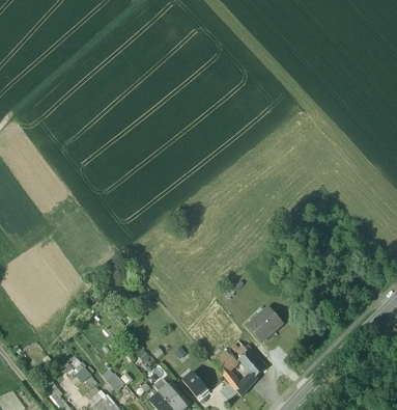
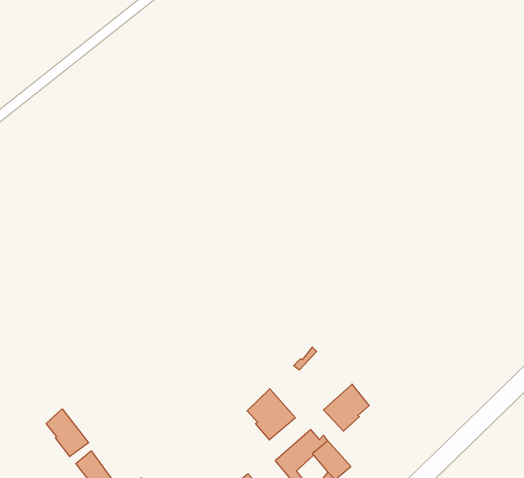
building: none -> [247,389,295,440]
building: none -> [46,409,89,457]

